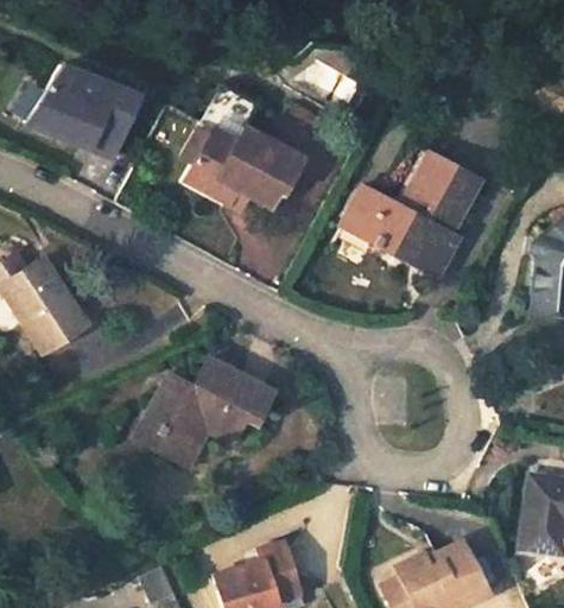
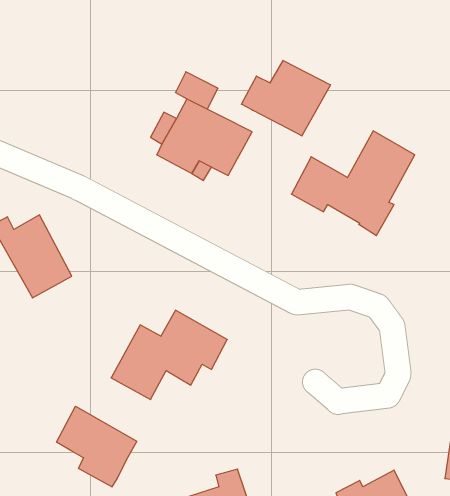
building: [25,68,138,160] -> none
building: none -> [241,60,330,136]
building: none -> [57,406,137,487]

